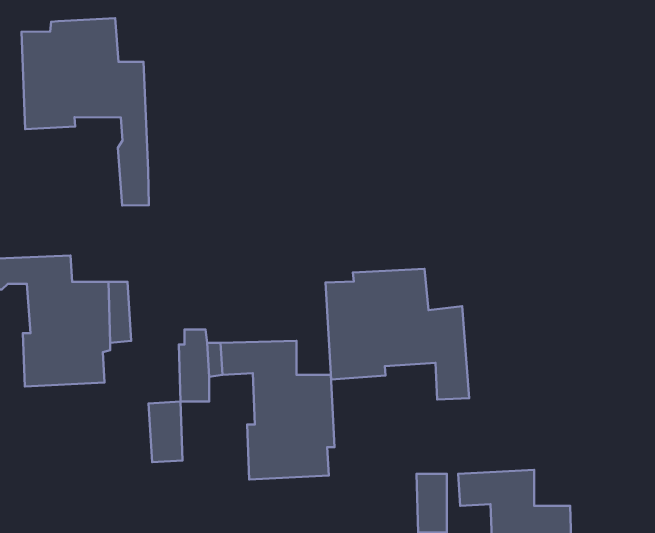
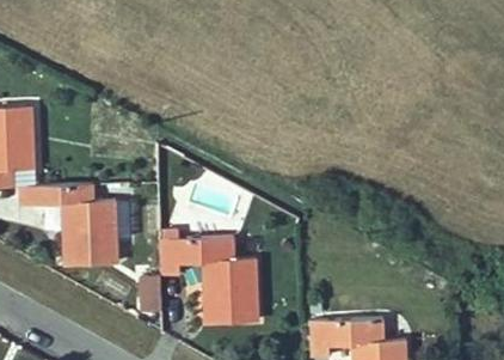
building: [22,18,149,206] -> none
building: [326,269,469,400] -> none

